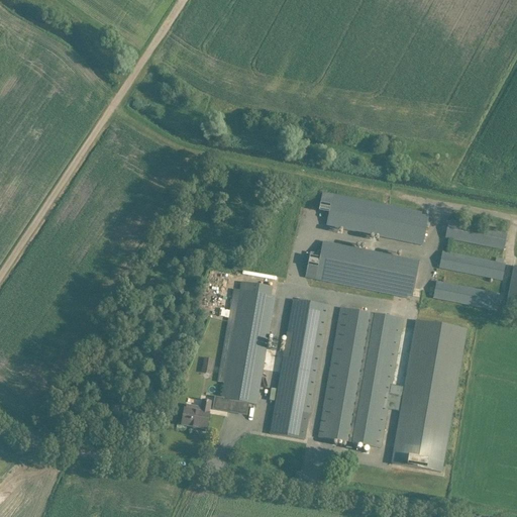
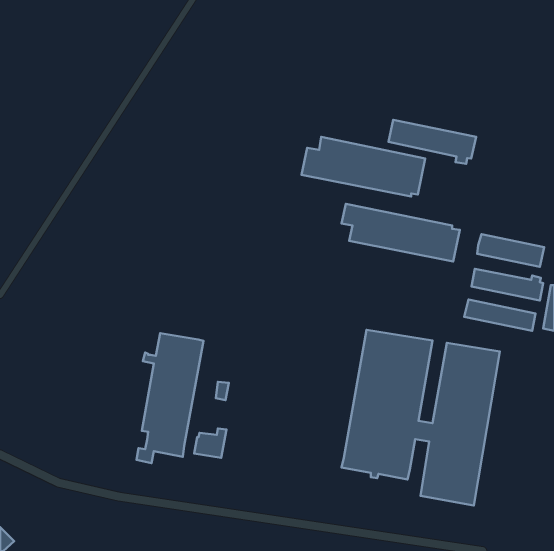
building: none -> [388,120,476,164]
building: [305,240,420,296] -> [302,137,425,197]
building: [213,288,276,409] -> [136,333,204,463]
building: [270,299,328,437] -> none

